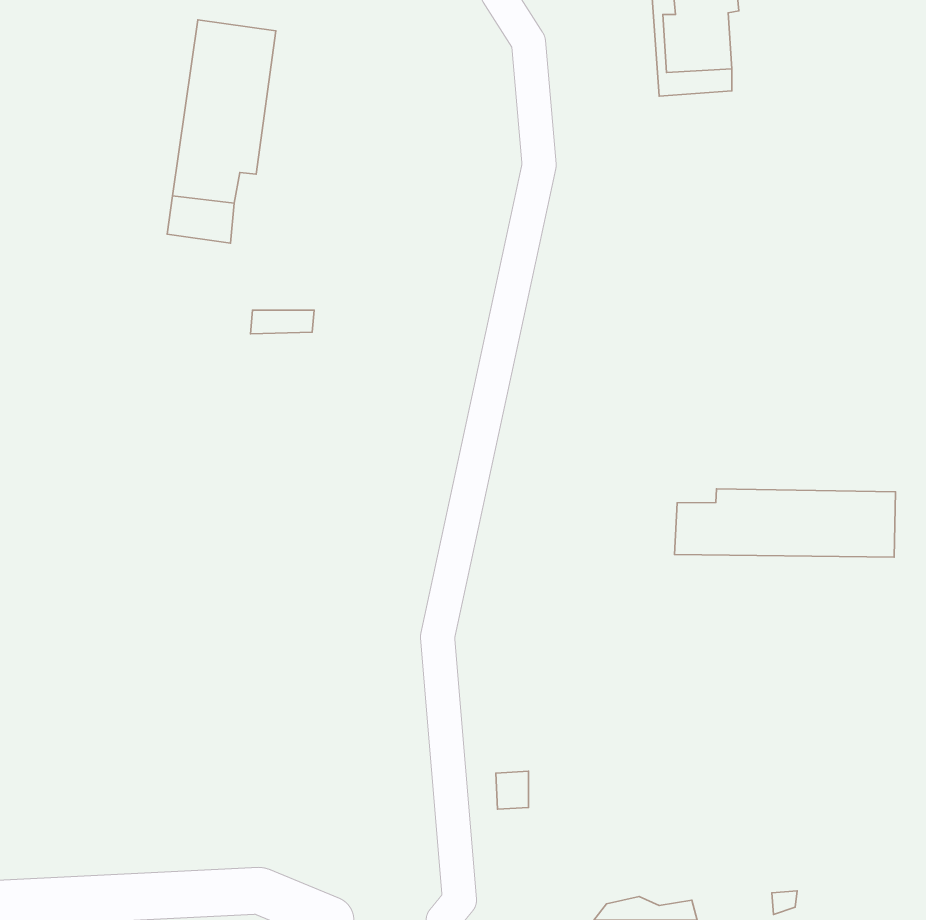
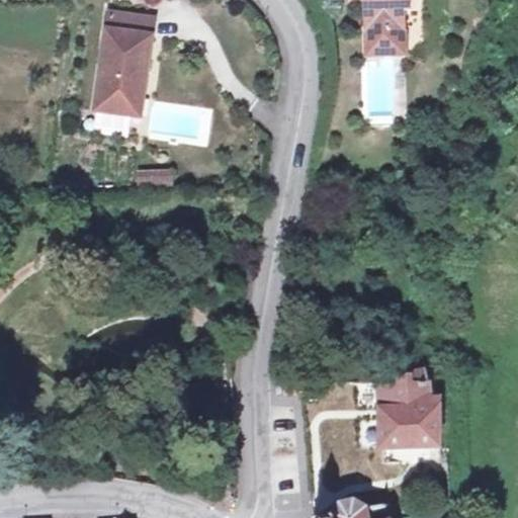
building: [675,489,895,557] -> none
building: none -> [353,373,441,446]

